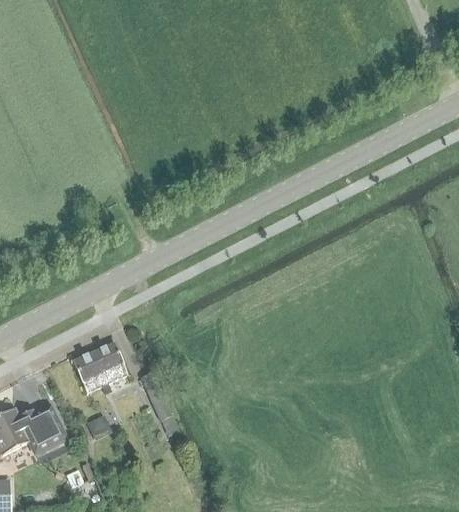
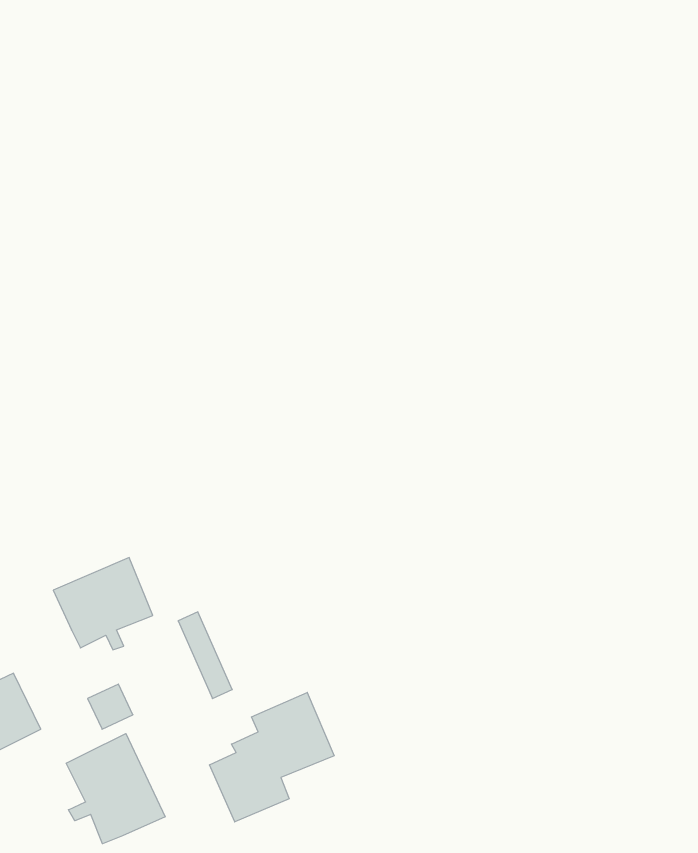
building: none -> [210,692,334,822]
building: none -> [66,734,165,844]

